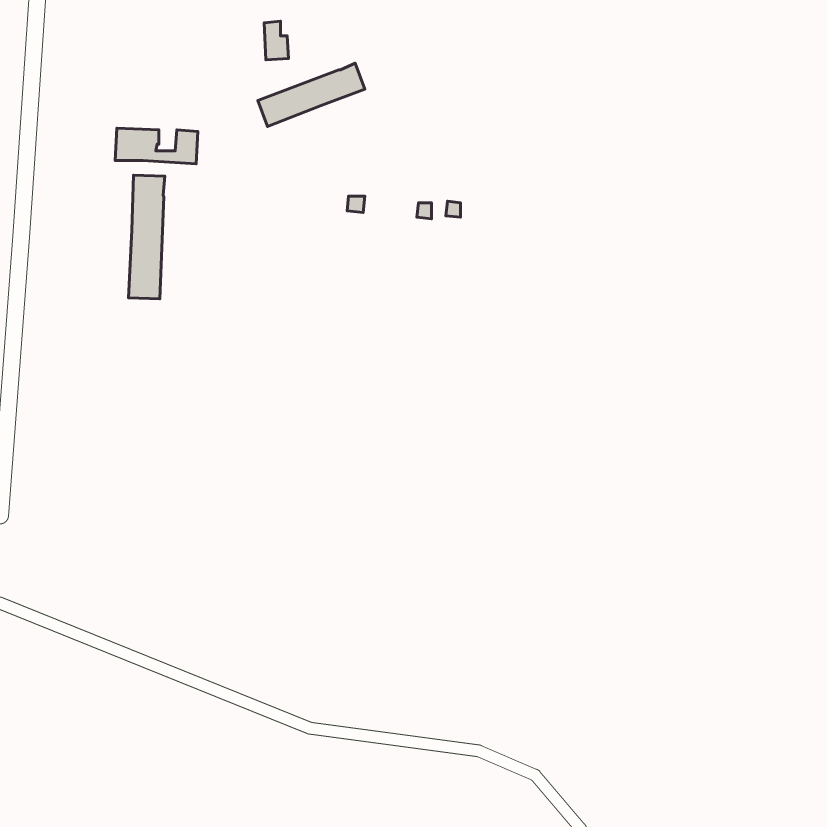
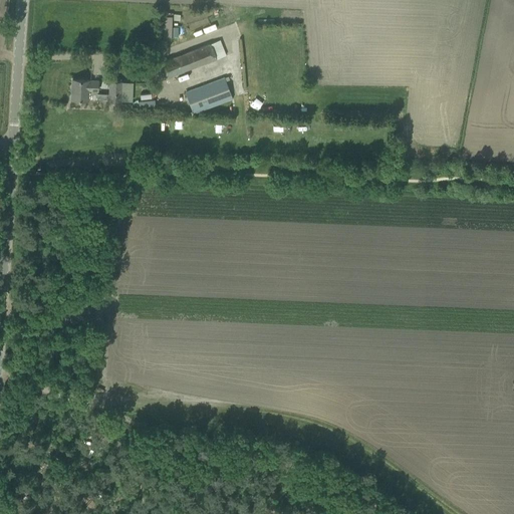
building: none -> [186,77,233,113]
building: [129,175,165,299] -> none

